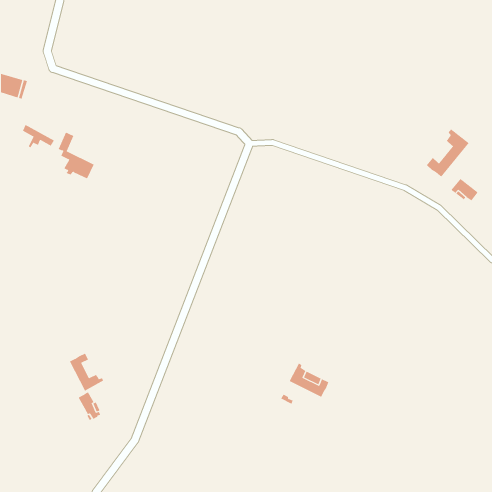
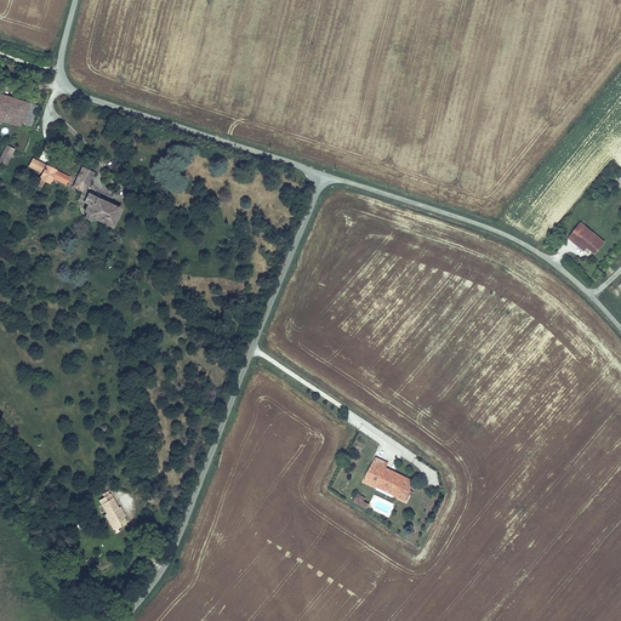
building: [426,128,470,178] -> none
building: [69,353,104,391] -> none

